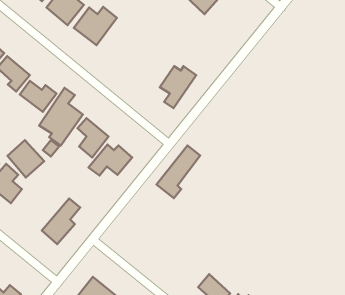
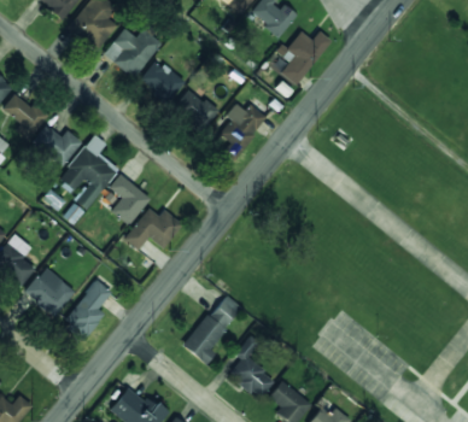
building: none -> [280,30,330,84]
building: none -> [139,60,183,104]
building: none -> [172,88,217,133]
building: [7,140,44,178] -> [25,266,74,316]
building: [156,145,200,198] -> [182,294,240,364]
building: none -> [229,336,274,399]

